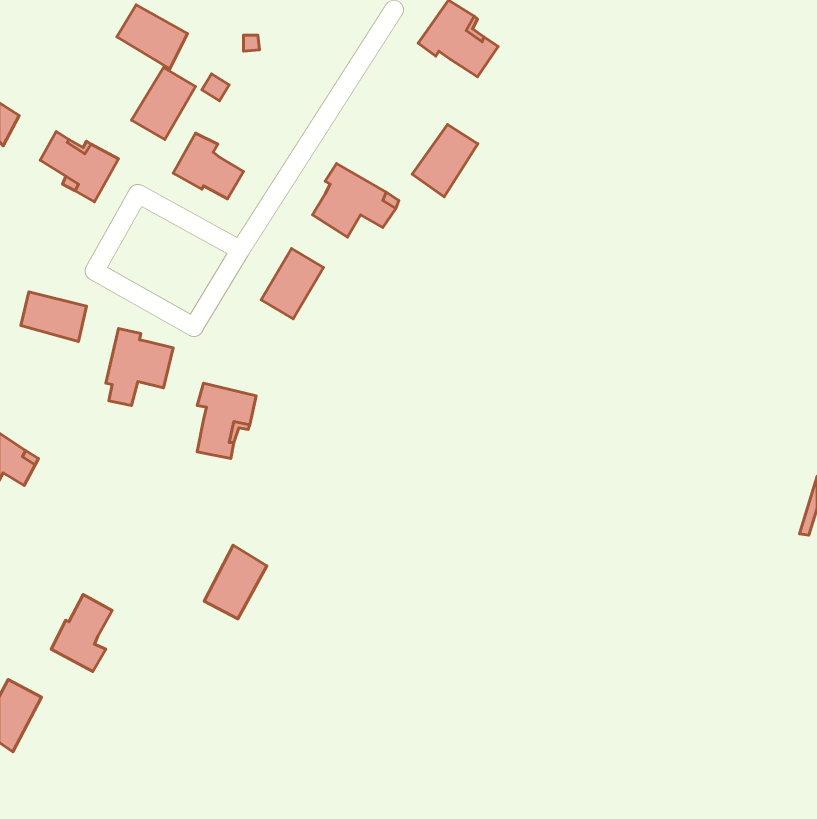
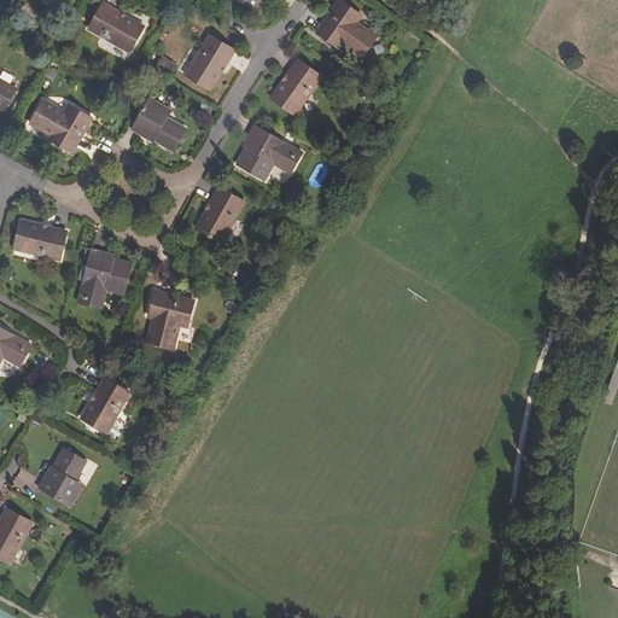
building: [131,67,195,139] -> [183,30,232,84]
building: [412,125,478,197] -> [272,62,321,116]
building: [204,545,267,619] -> [81,375,128,431]

